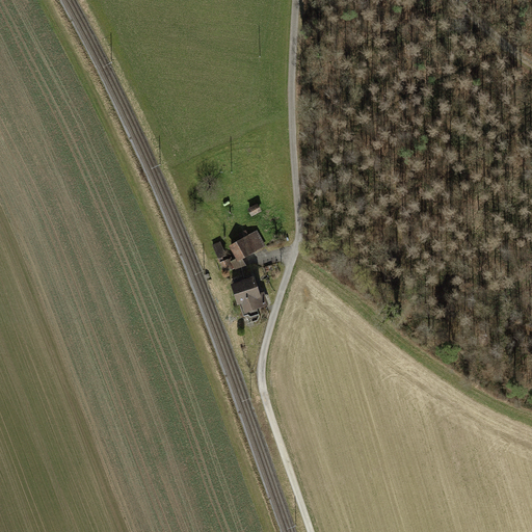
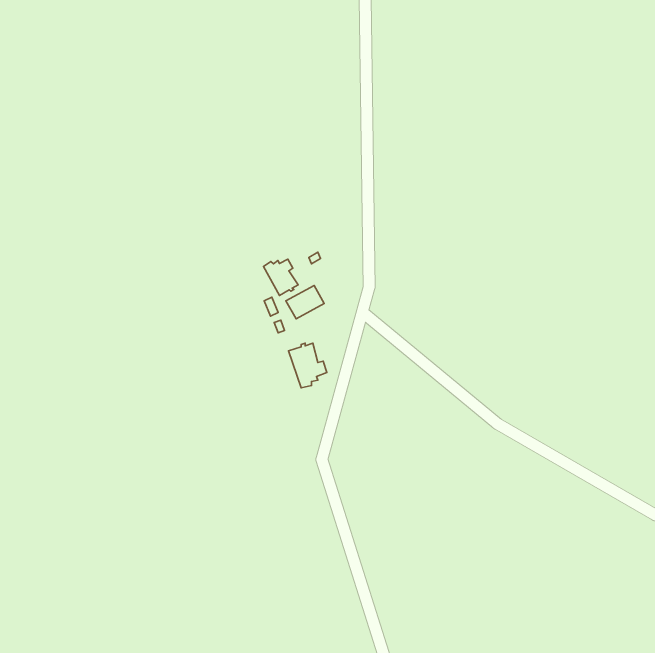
building: none -> [264,259,298,296]

